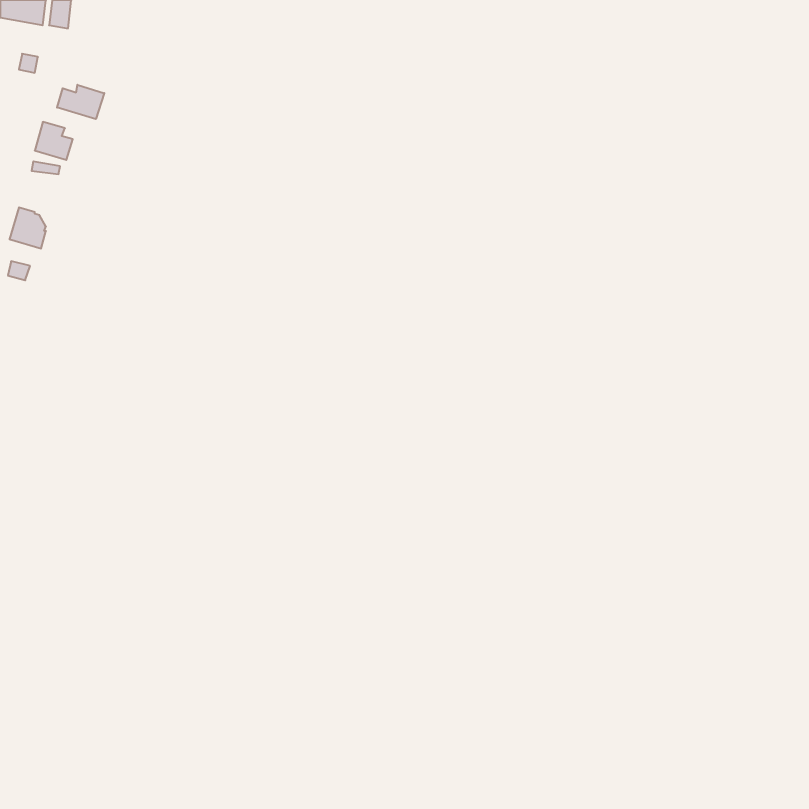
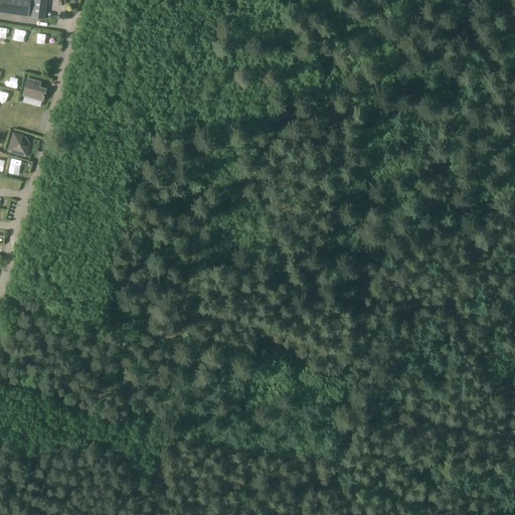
building: [57,85,104,119] -> none

